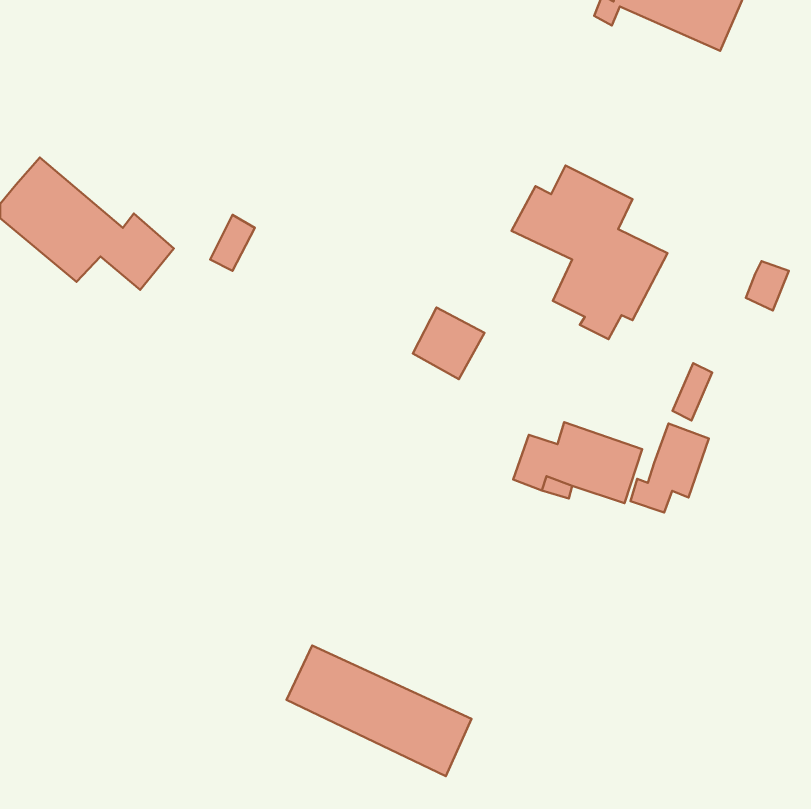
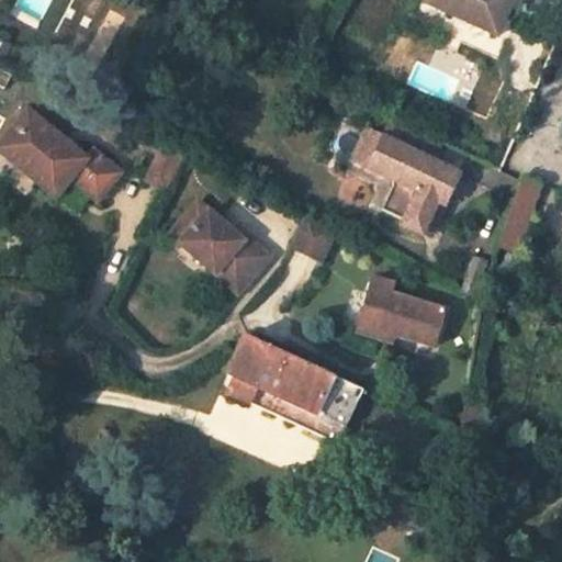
building: none -> [171,201,272,285]
building: [630,423,709,513] -> none
building: [287,646,471,776] -> [227,336,355,426]

